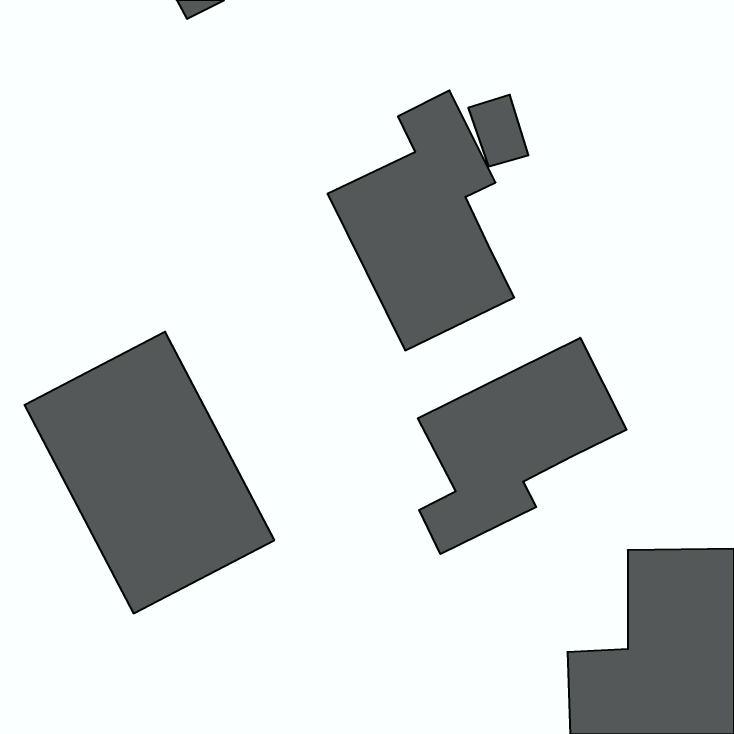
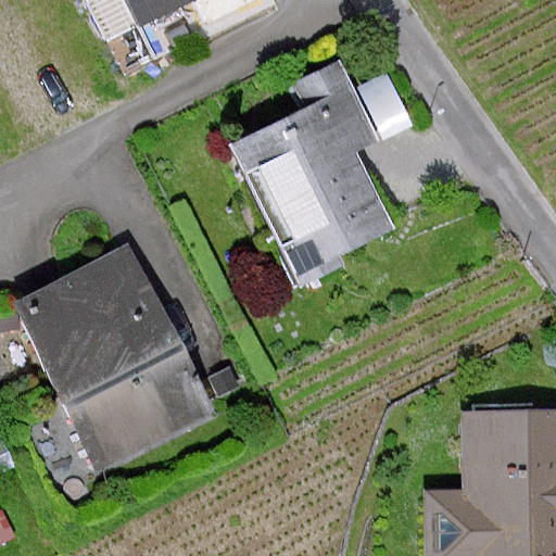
building: [418,338,627,554] -> none

